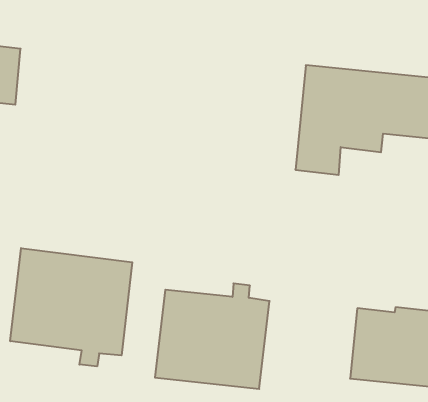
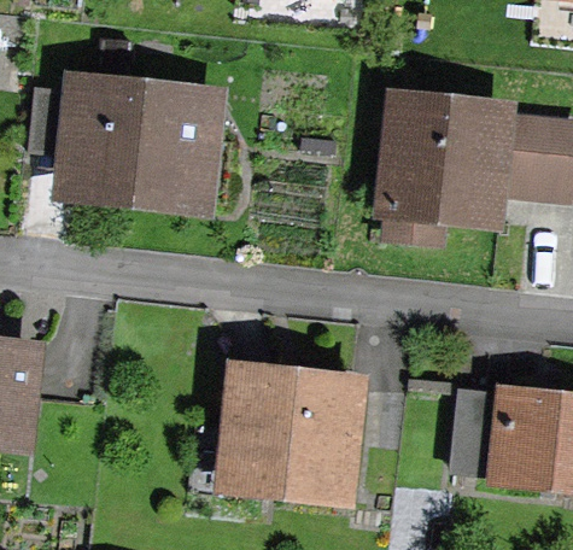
building: none -> [77,90,207,194]
building: [10,248,132,366] -> none

